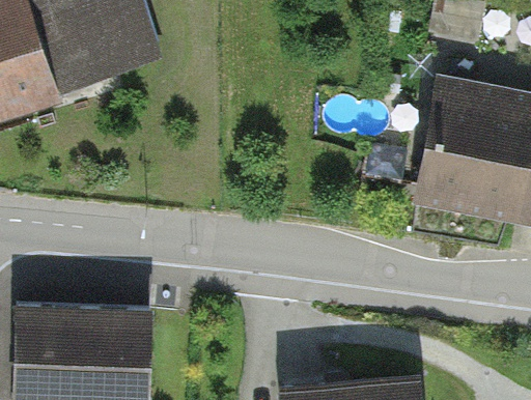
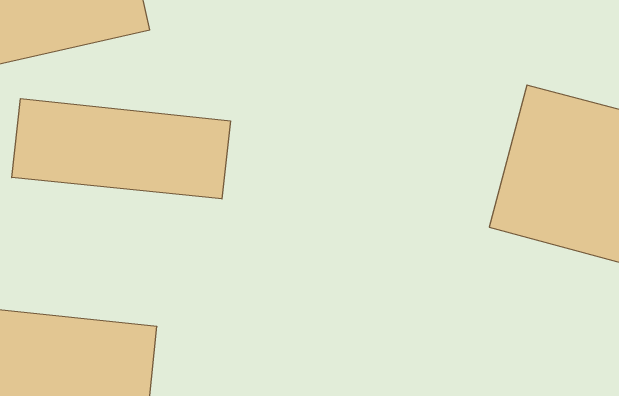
building: none -> [12,99,230,199]

